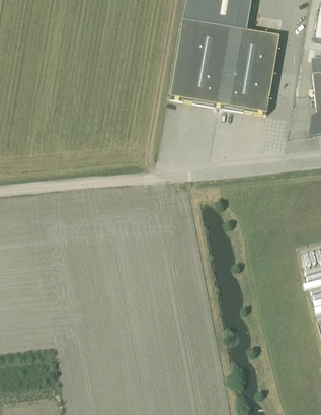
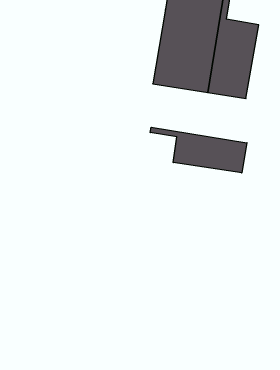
building: none -> [150,127,247,173]

